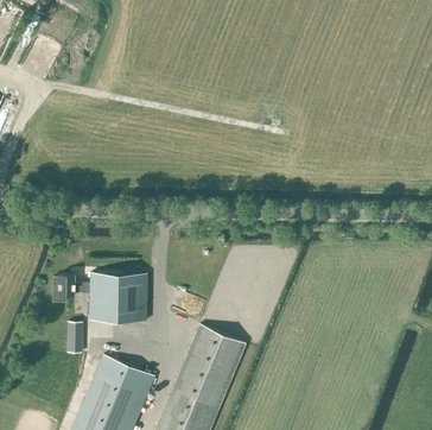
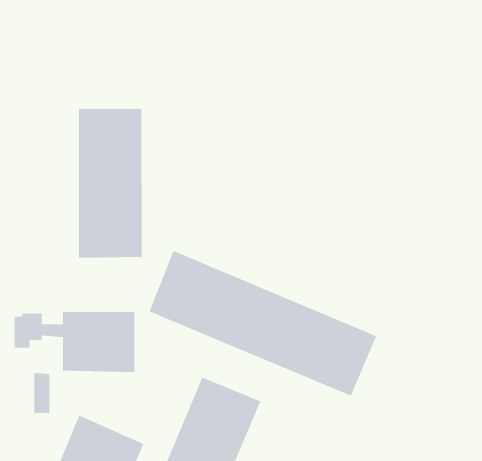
building: none -> [78,108,142,259]
building: none -> [149,250,377,397]

